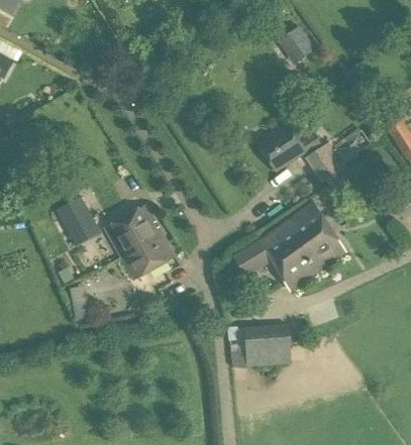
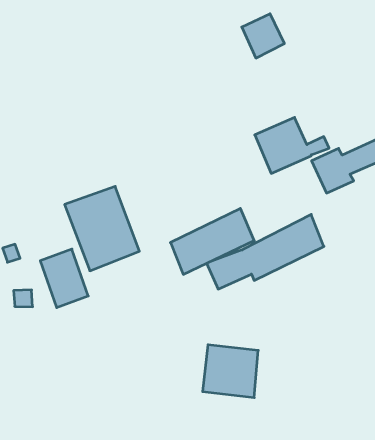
building: [277,25,315,65] -> [242,14,284,58]
building: [55,195,100,246] -> [40,249,88,308]
building: [275,226,345,290] -> [170,208,254,274]

